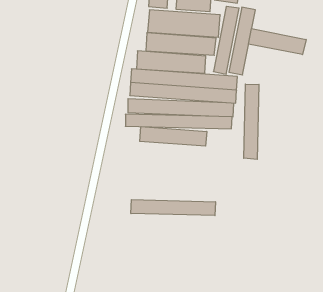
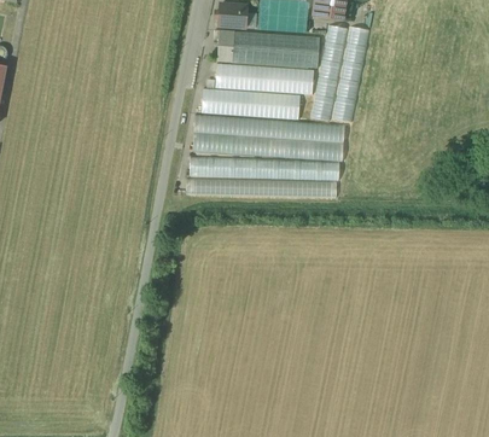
building: [249,29,306,55] -> none
building: [244,84,259,159] -> none
building: [140,127,207,146] -> none
building: [131,200,215,216] -> none

